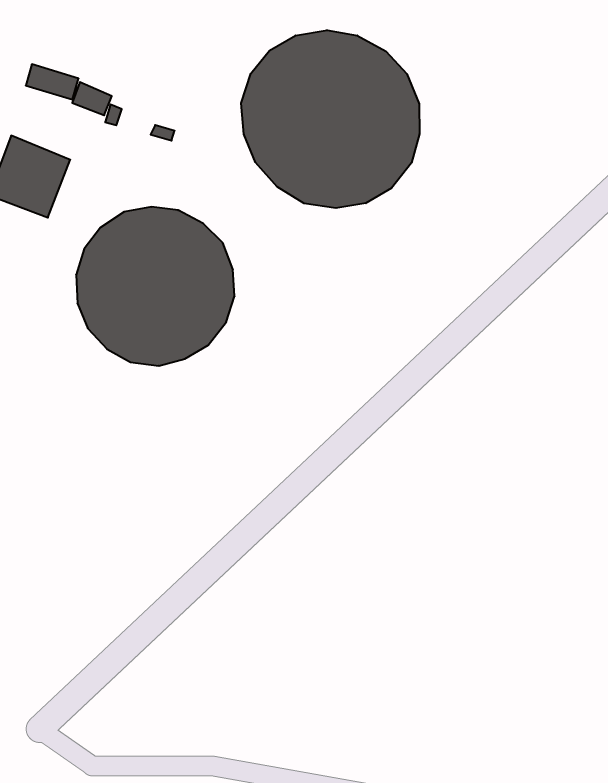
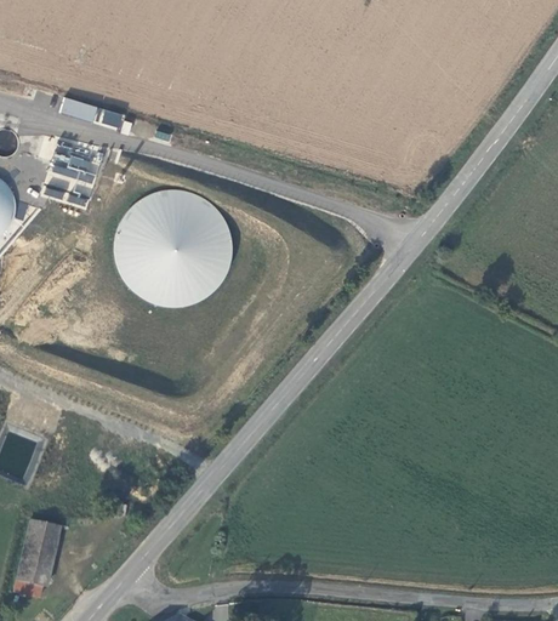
building: [241,30,419,208] -> none

